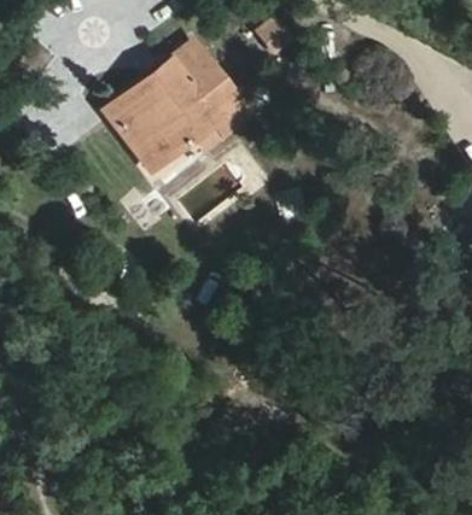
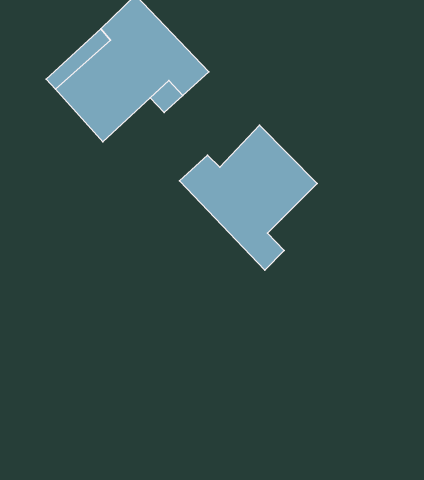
building: none -> [179,125,317,270]

